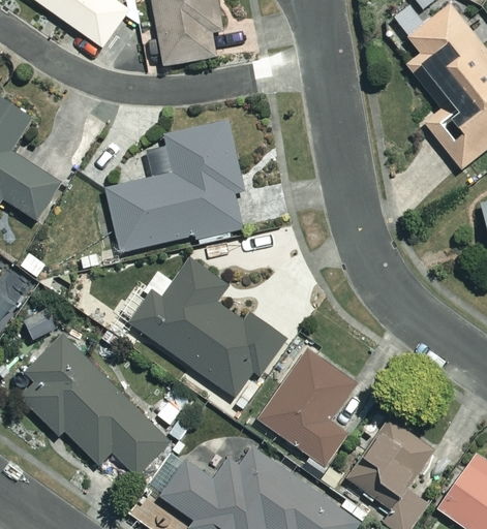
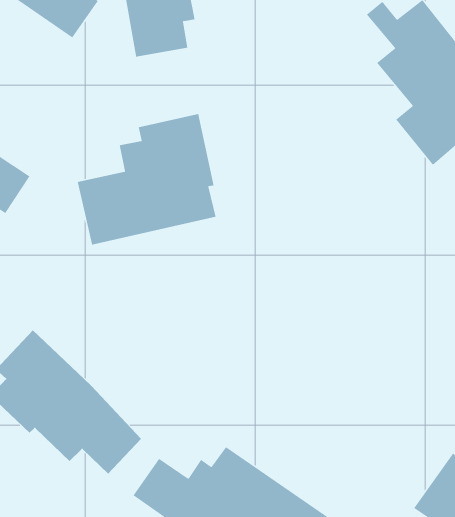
building: [129,258,286,396] -> none
building: [257,349,356,467] -> none
building: [351,418,436,510] -> none

